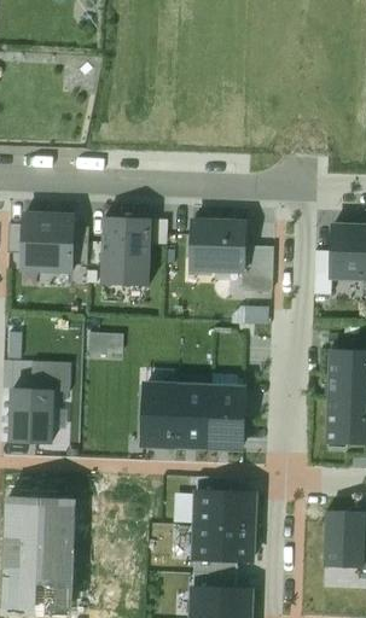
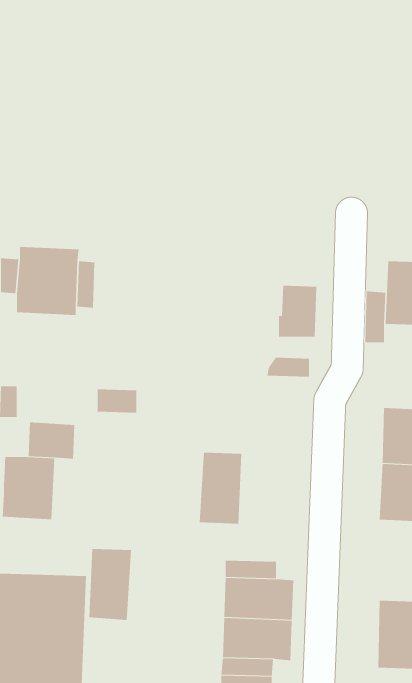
building: [100,217,150,286] -> none
building: [190,221,245,272] -> none
building: [141,385,178,445] -> [89,548,132,620]
building: [208,387,243,447] -> none

